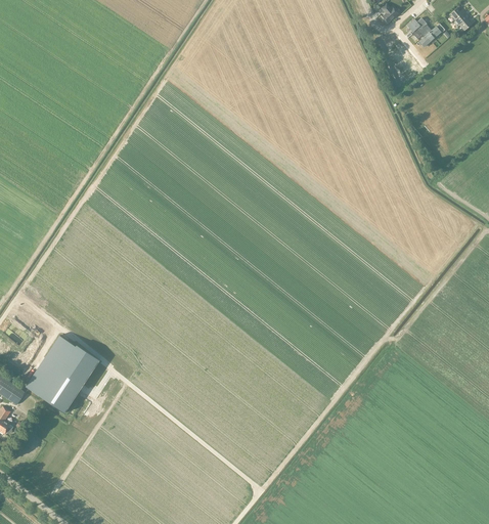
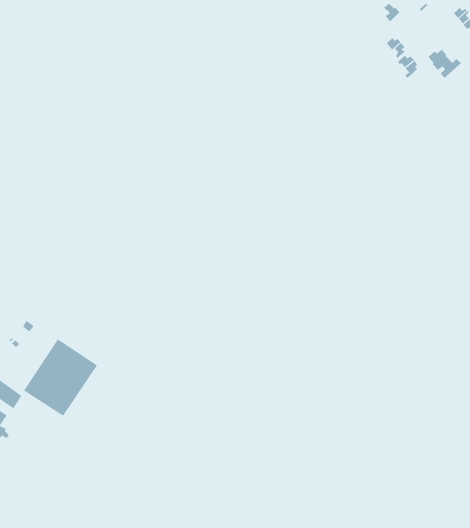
building: [406,17,440,47] -> [428,49,462,79]

